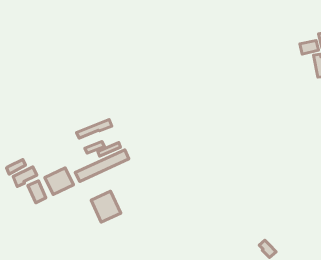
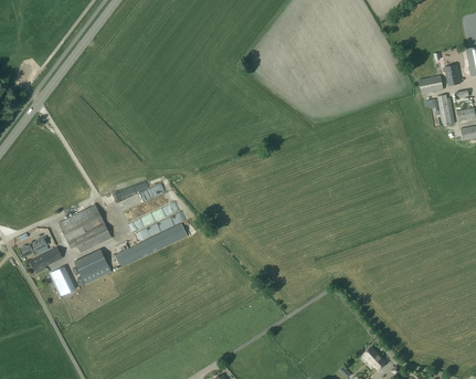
building: none -> [56,204,110,253]
building: [91,191,121,222] -> none

